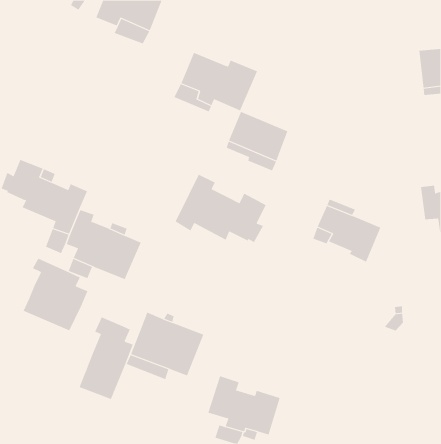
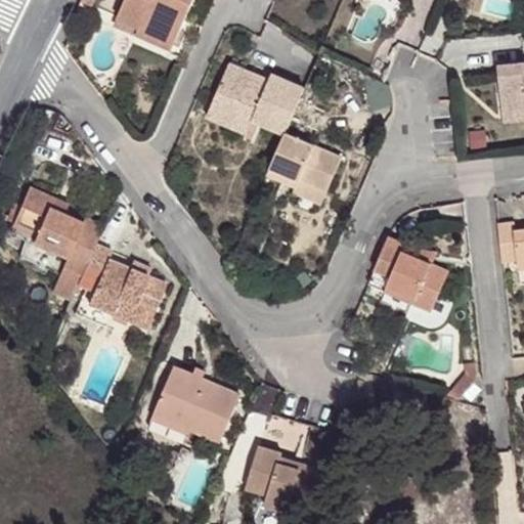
building: [175,174,266,243] -> none
building: [23,258,88,331] -> none
building: [79,317,134,400] -> none

